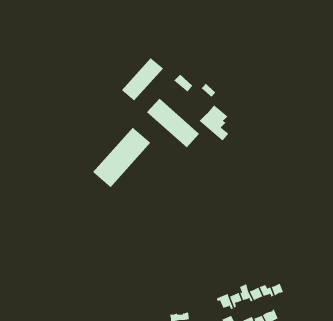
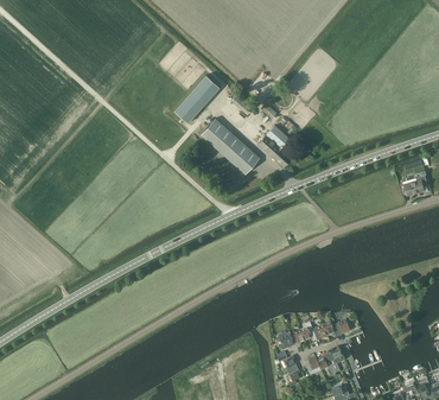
building: [92,127,151,188] -> none

